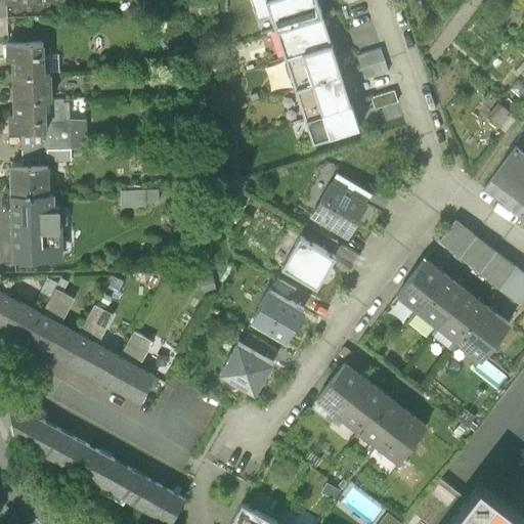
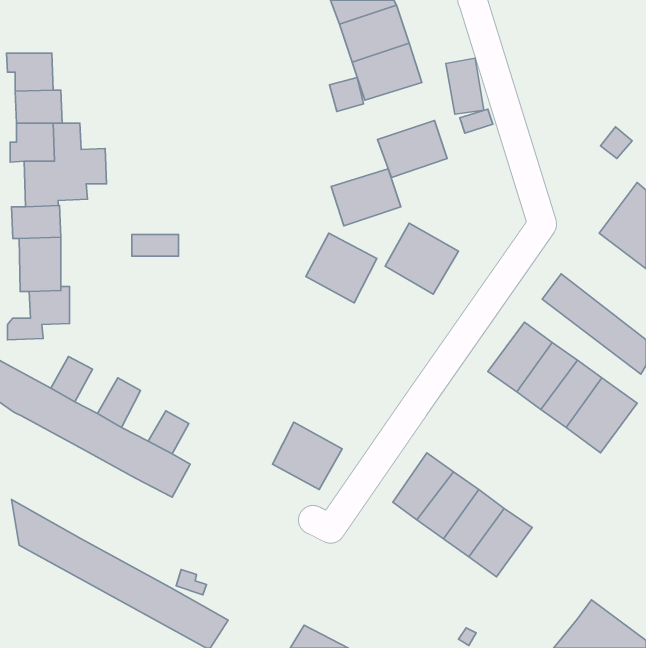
building: [295,67,351,113] -> [331,169,401,226]
building: [282,235,340,292] -> [306,233,377,303]
building: [249,289,307,343] -> none

